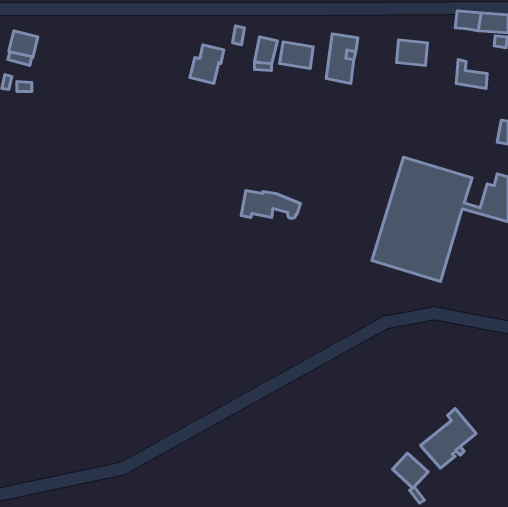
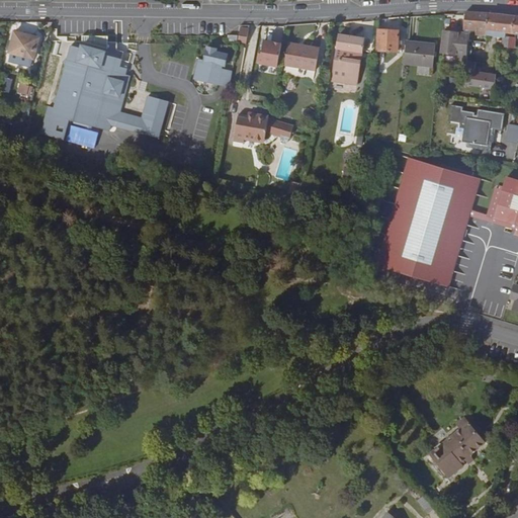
building: none -> [376,29,399,51]
building: none -> [439,31,468,58]
building: none -> [39,37,166,145]
building: none -> [449,104,504,149]
building: [241,190,301,218] -> [233,109,293,138]
building: [392,453,428,488] -> none

